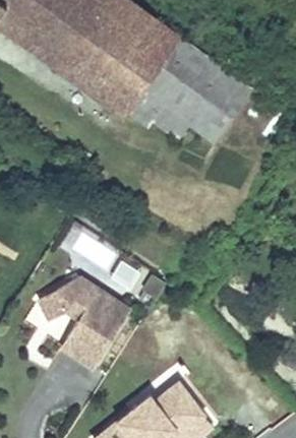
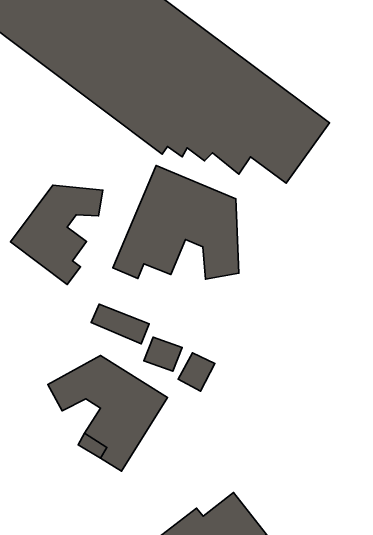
building: none -> [113,165,239,279]
building: none -> [10,185,103,285]

